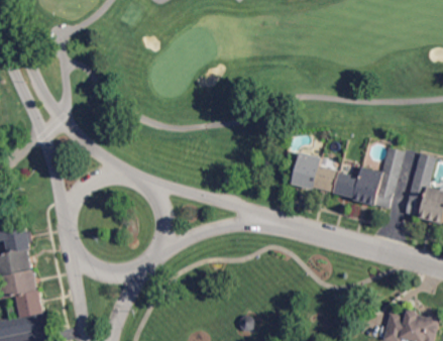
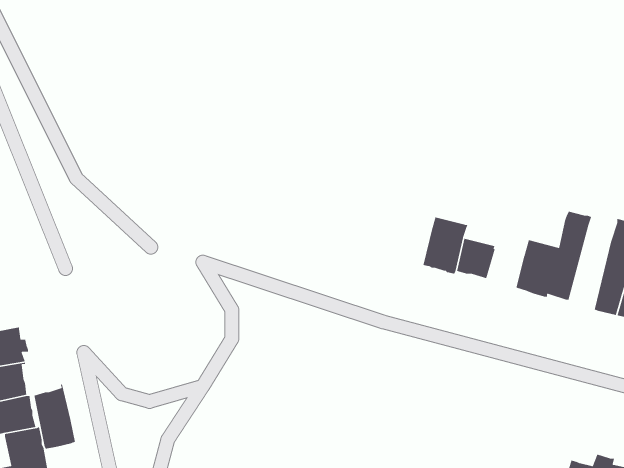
building: [334,173,358,198] -> none
building: none -> [33,383,76,450]

